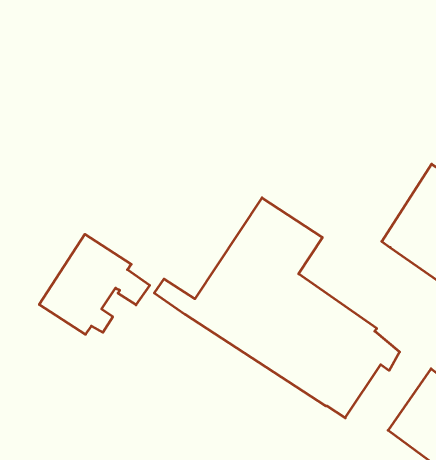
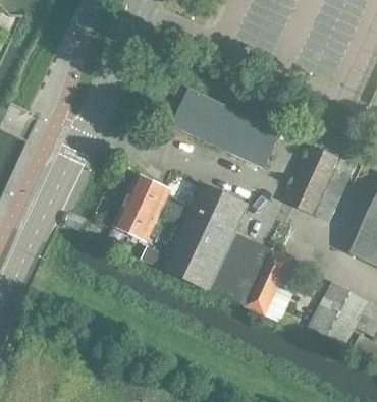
building: none -> [170,88,280,167]
building: [39,234,150,334] -> [112,174,183,240]

